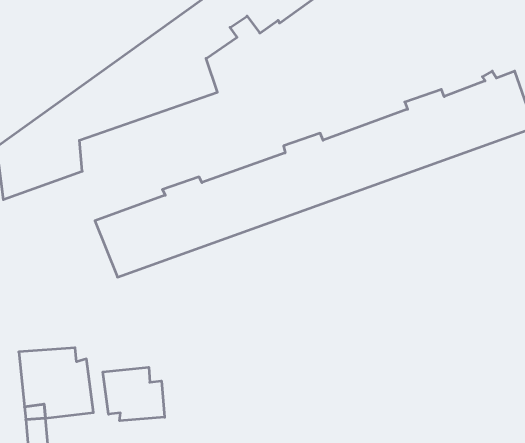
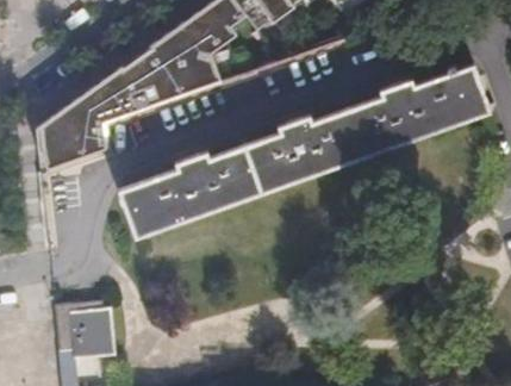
building: [103,367,165,421] -> none

